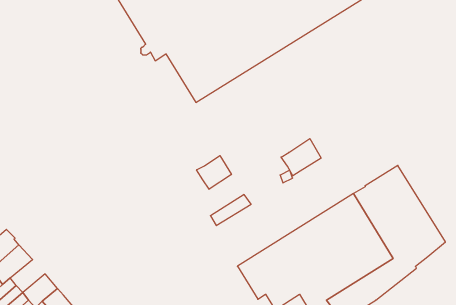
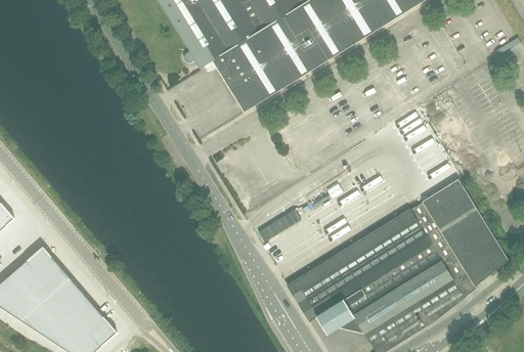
building: [281,139,321,176] -> none
building: [197,156,231,189] -> none
building: none -> [46,277,83,312]

